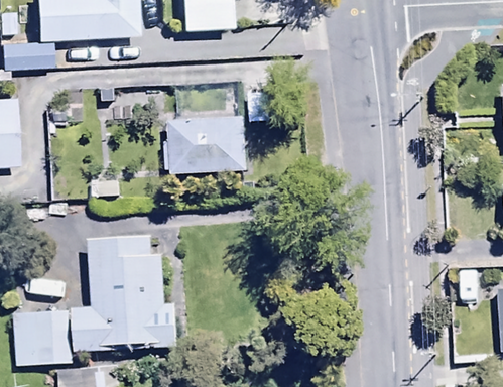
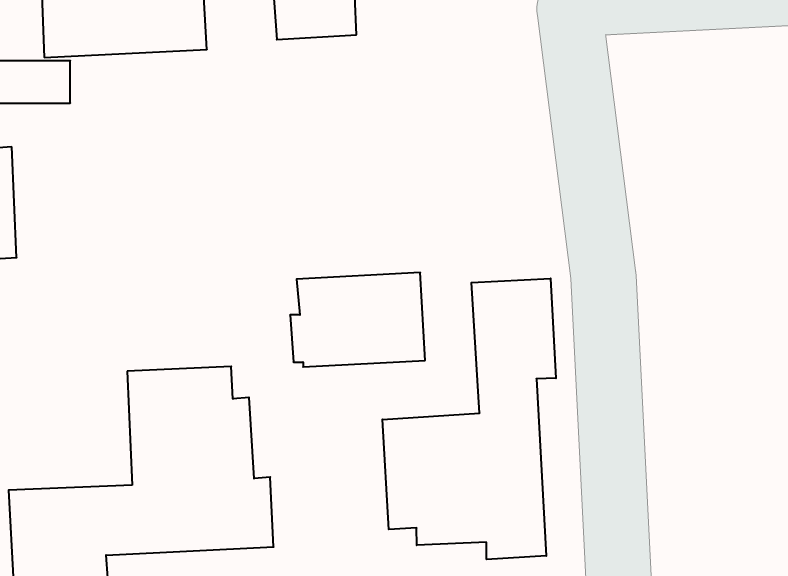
building: [162,116,246,174] -> [290,273,425,367]
building: none -> [382,278,556,559]

